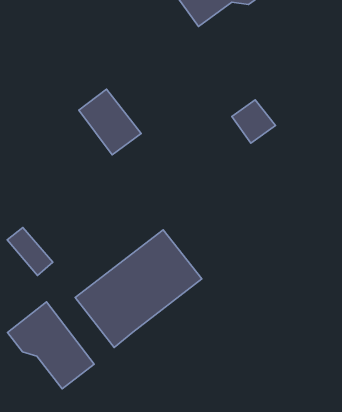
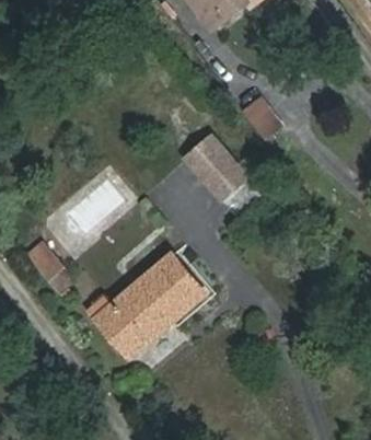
building: [79,89,141,155] -> [185,134,246,198]
building: [7,302,94,389] -> none

